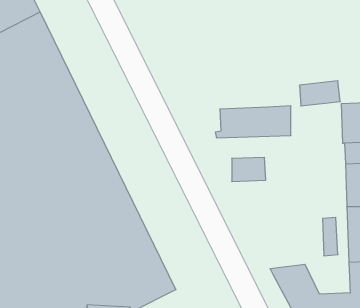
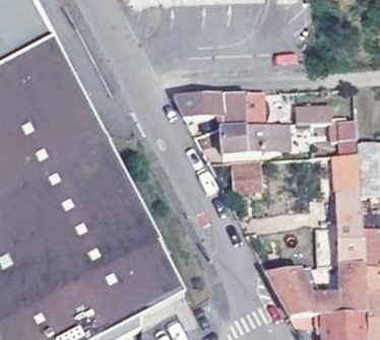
building: none -> [173,91,264,125]

